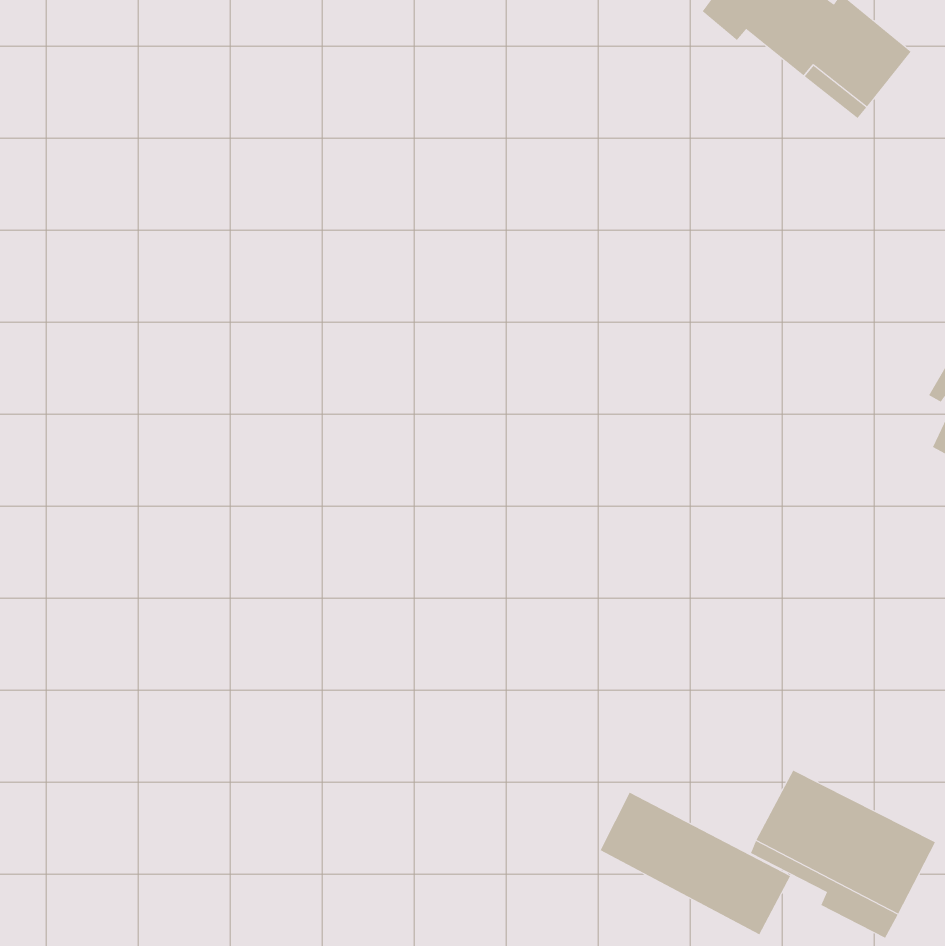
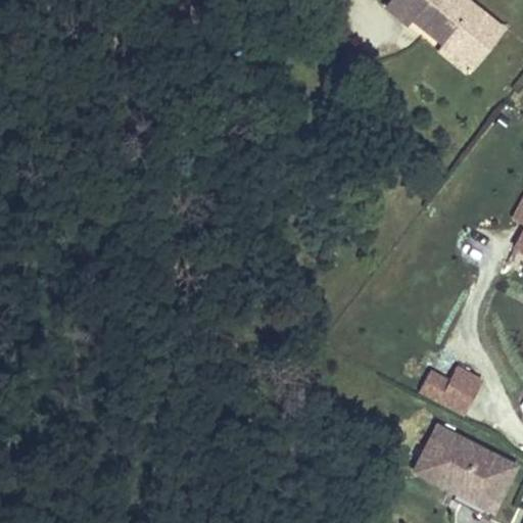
building: none -> [419,366,483,415]
building: [600,792,791,935] -> none

